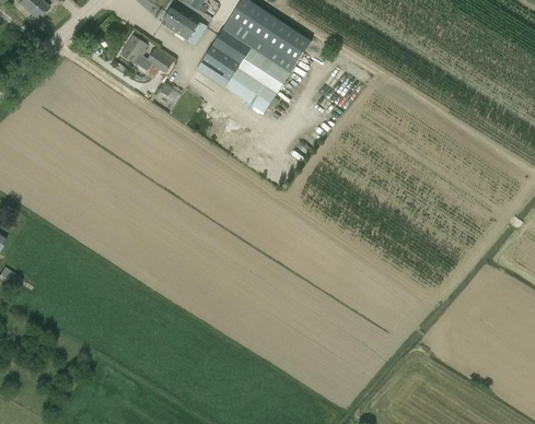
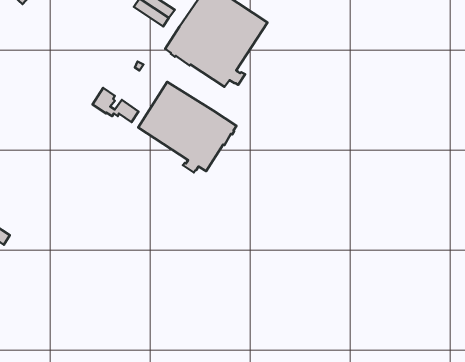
building: [119,35,171,73] -> [93,88,138,122]
building: none -> [138,82,236,173]

